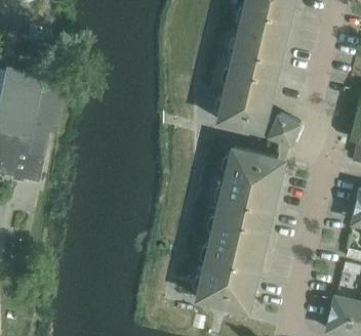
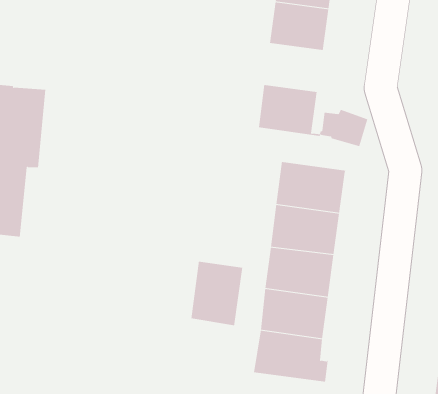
building: [225,59,271,98] -> none
building: none -> [191,261,243,326]

